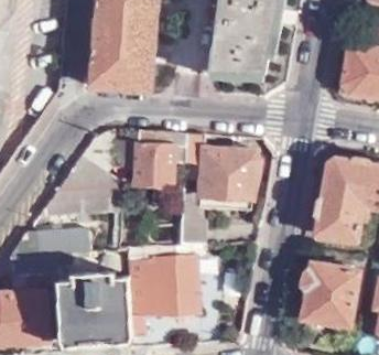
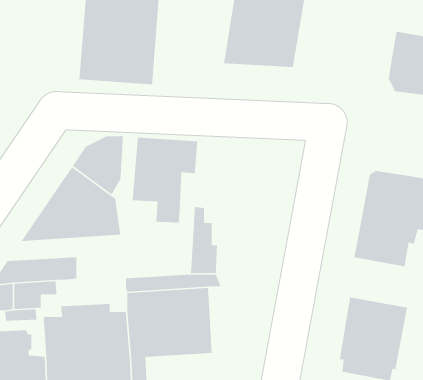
building: [183,133,260,197] -> none

